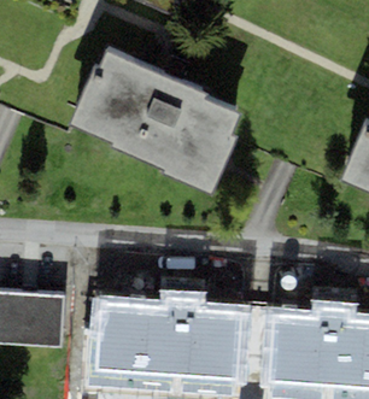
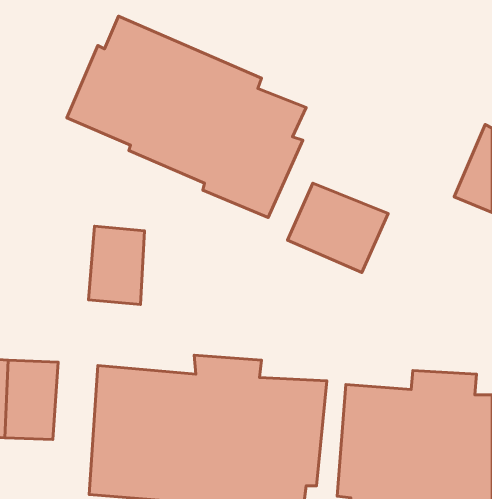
building: none -> [288,183,388,273]
building: none -> [89,226,145,305]

